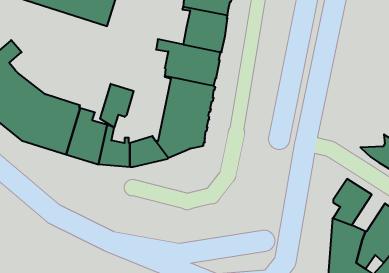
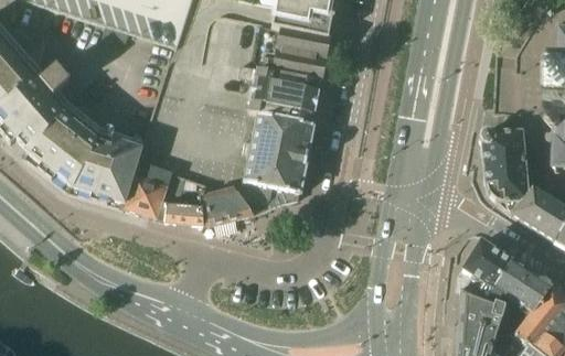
building: [100,84,134,127] -> none
building: none -> [479,123,527,194]
building: none -> [486,253,527,300]

